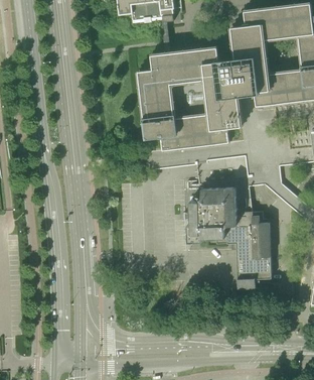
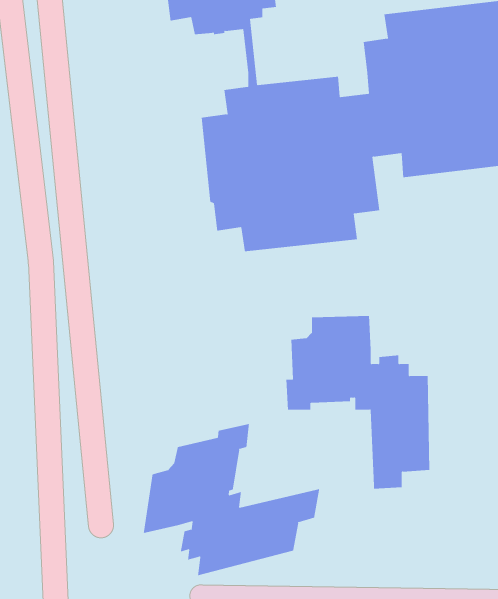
building: none -> [143,423,320,576]

